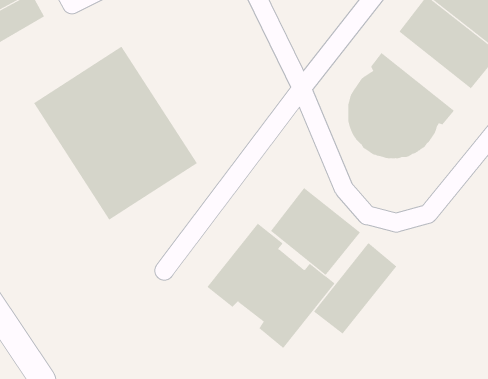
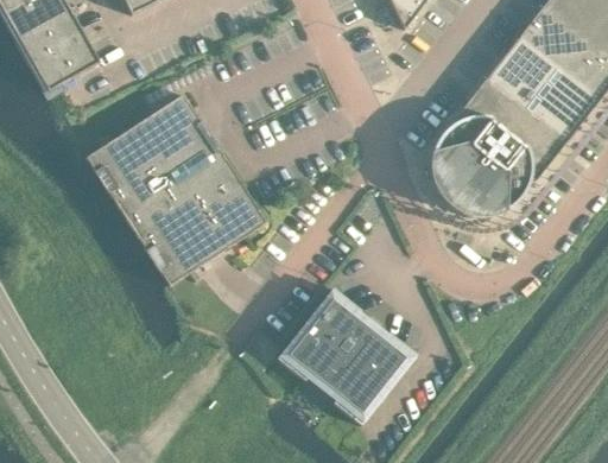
building: none -> [467,77,565,164]
building: [270,187,361,276] -> none
building: [313,242,397,335] -> none

